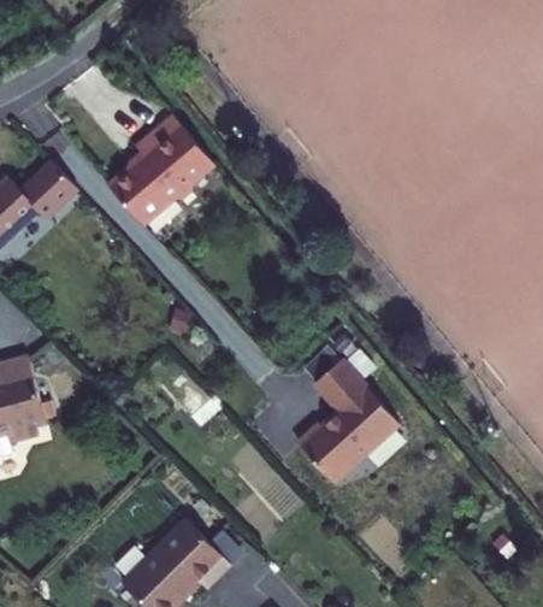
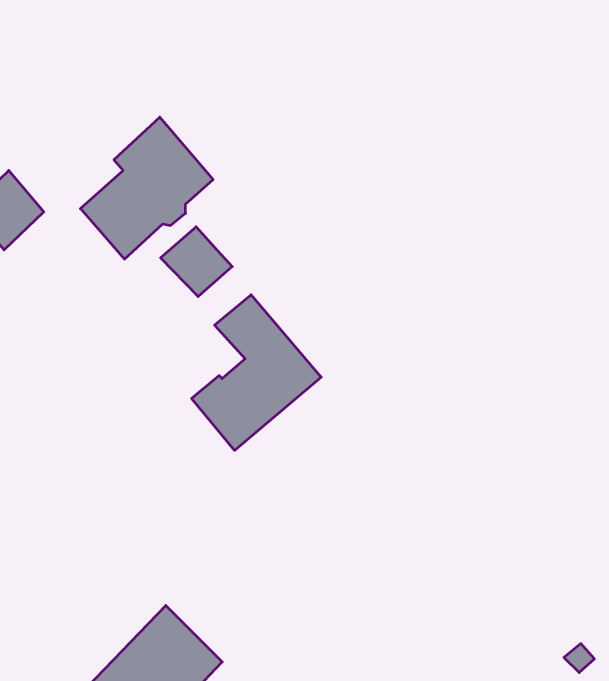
building: none -> [161,227,232,297]
building: [297,358,400,481] -> [192,295,321,450]

